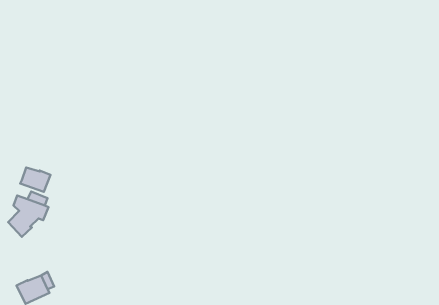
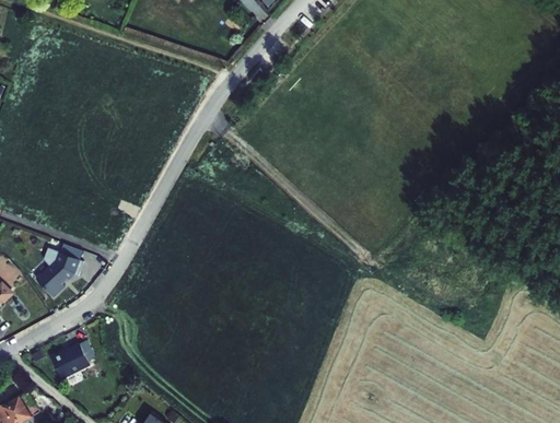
building: [20,167,51,192] -> none

